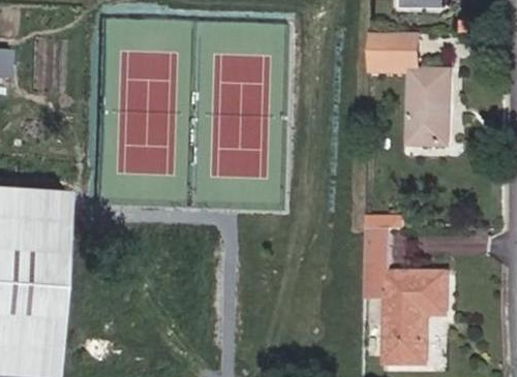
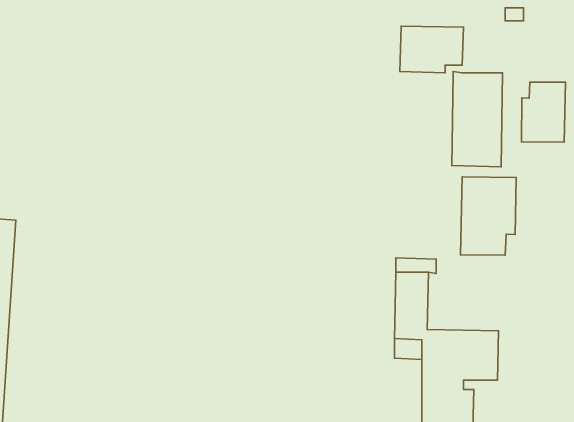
building: none -> [521,82,565,142]
building: none -> [461,177,516,255]

